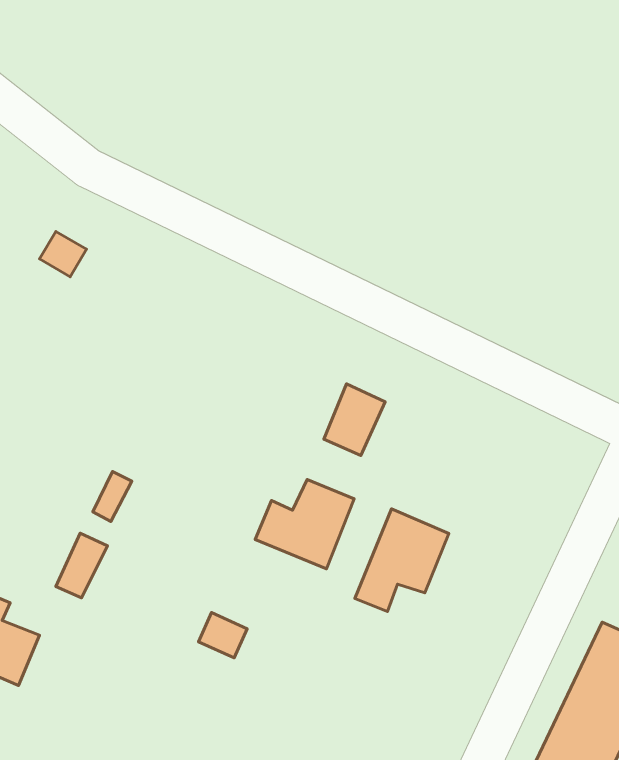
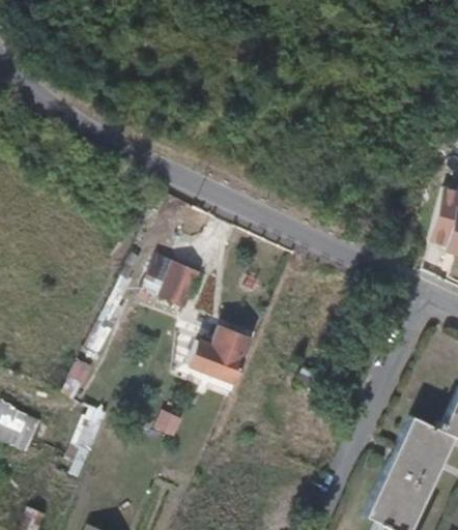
building: [324,384,385,455] -> [160,260,199,305]
building: [355,509,449,612] -> none

